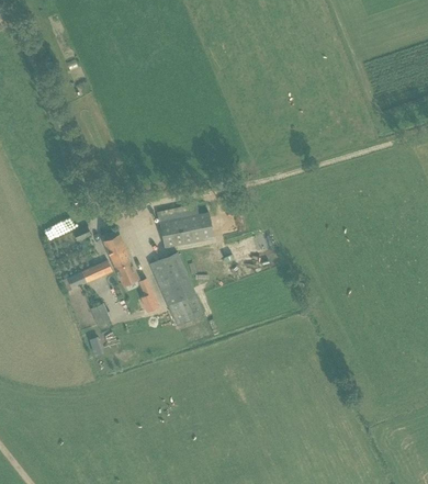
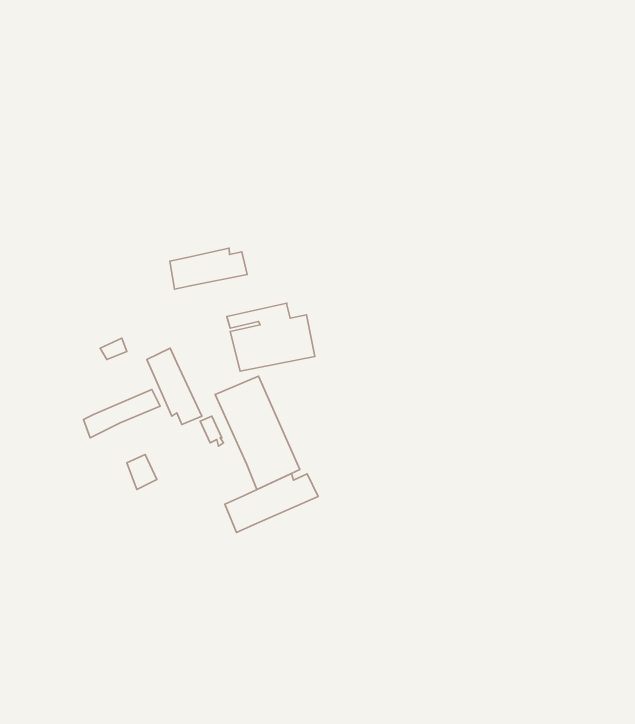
building: none -> [170,248,247,289]
building: none -> [225,474,318,532]

